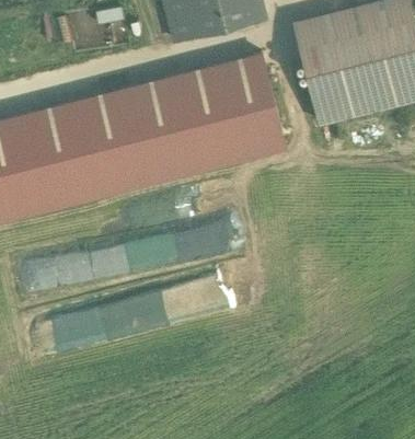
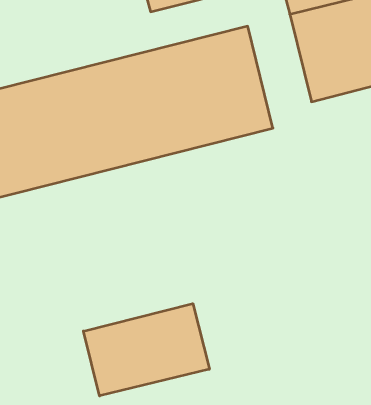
building: none -> [83,304,209,396]

